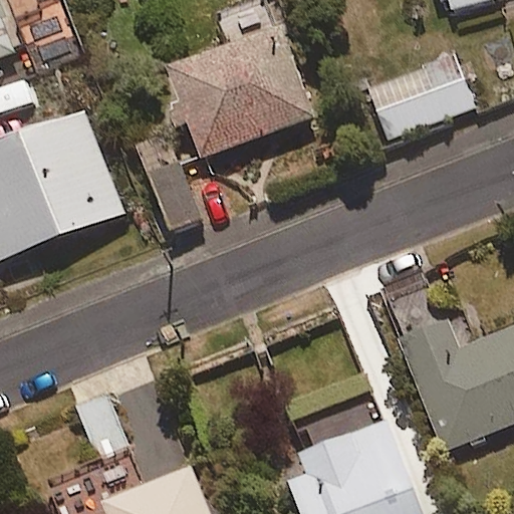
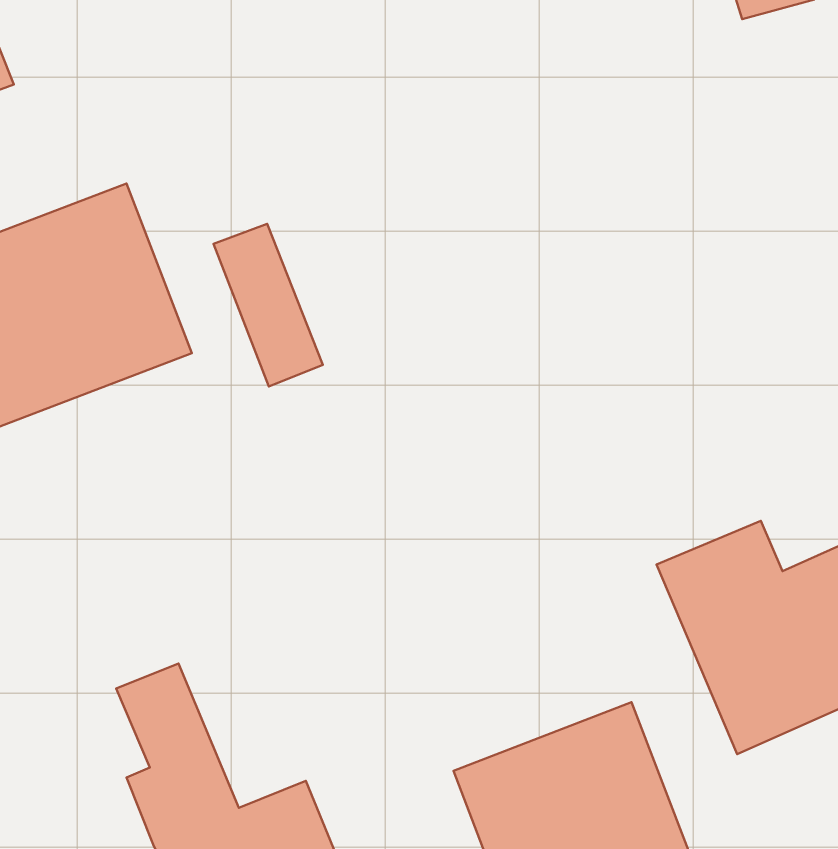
building: [167,25,313,159] -> none
building: [367,56,474,141] -> none

